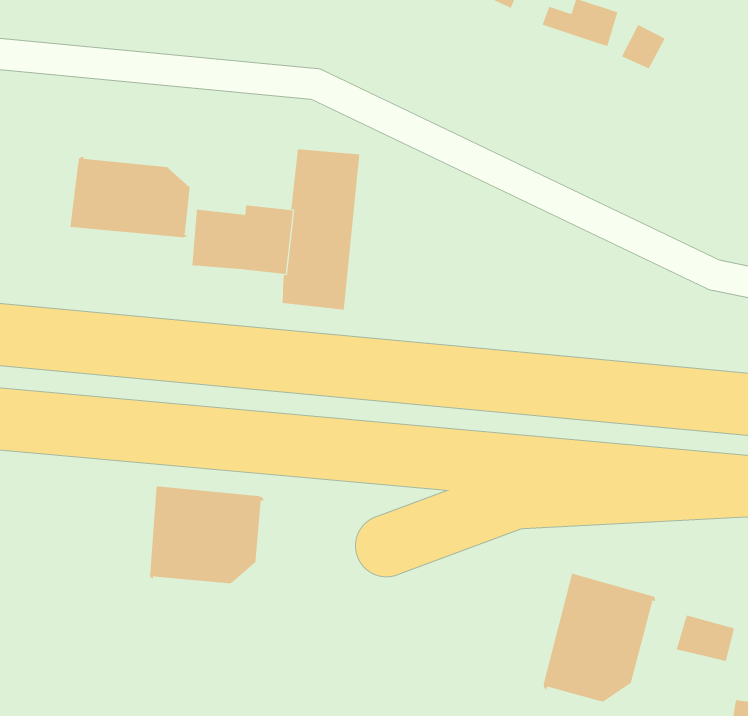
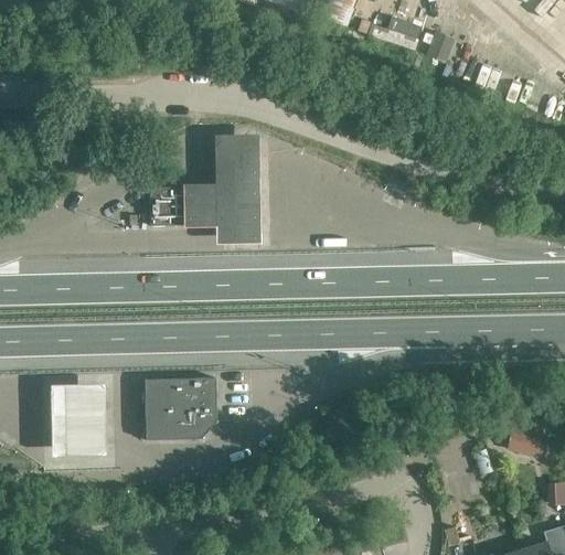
building: [70,156,190,238] -> none
building: none -> [52,387,103,456]
building: [543,573,656,702] -> none

